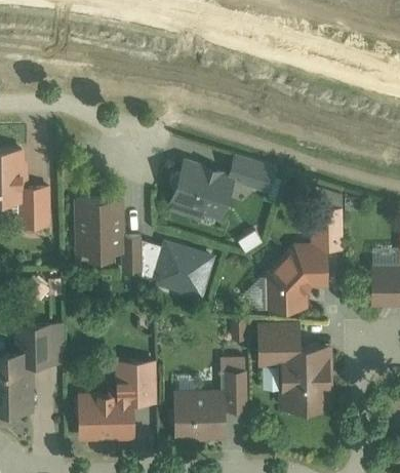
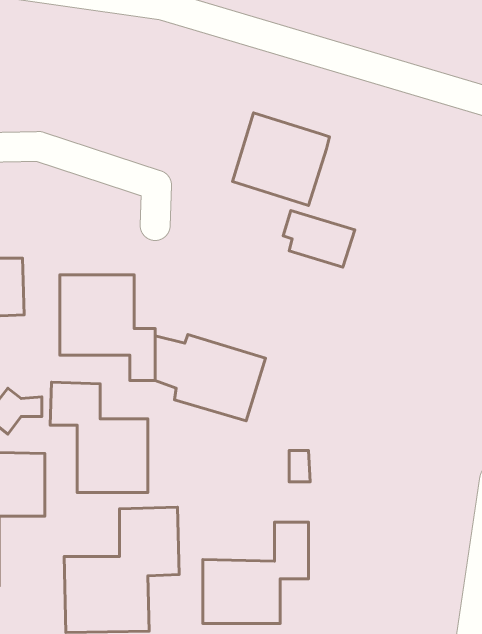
building: [167,159,234,223] -> [233,113,329,205]
building: [265,209,343,310] -> none
building: none -> [50,382,148,493]
building: [255,324,330,410] -> none

